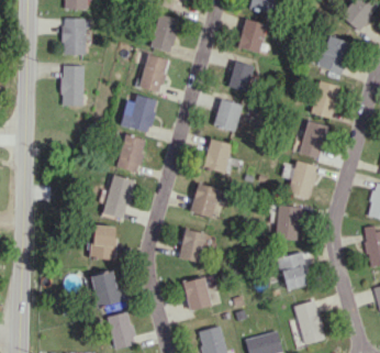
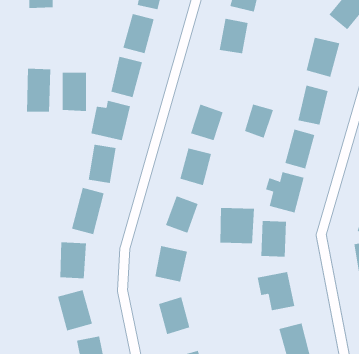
building: [63,19,86,55] -> [62,72,87,111]
building: [228,60,256,92] -> [244,104,274,138]
building: none -> [220,207,254,244]

